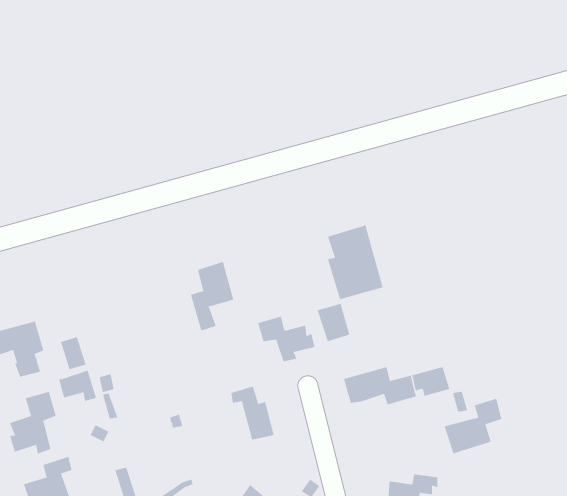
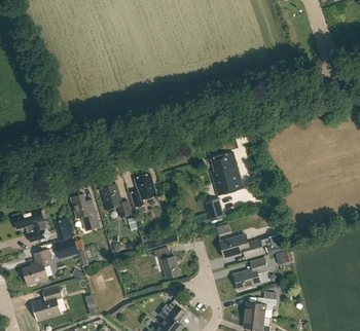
building: none -> [102,183,132,217]
building: none -> [71,193,100,230]
building: [258,316,315,362] -> none
building: [444,398,502,454] -> [233,257,267,290]

